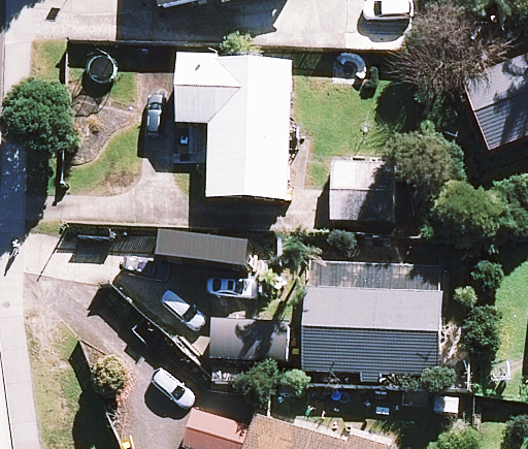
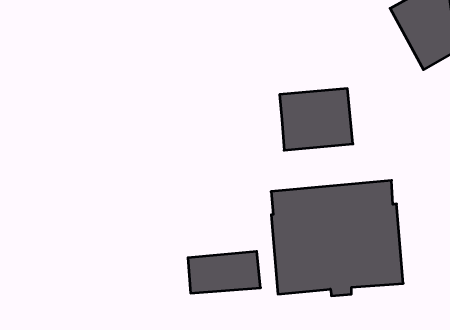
building: [174,57,292,198] -> none

